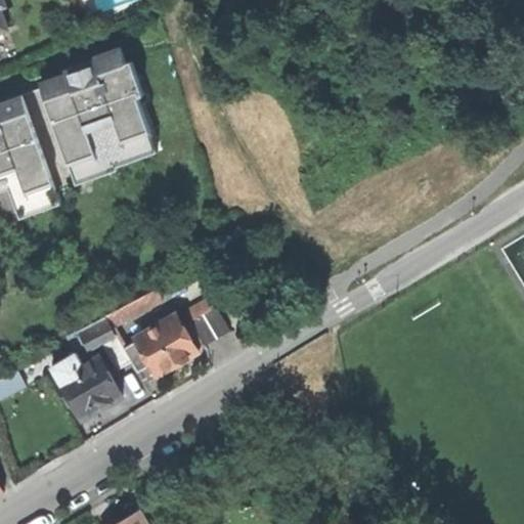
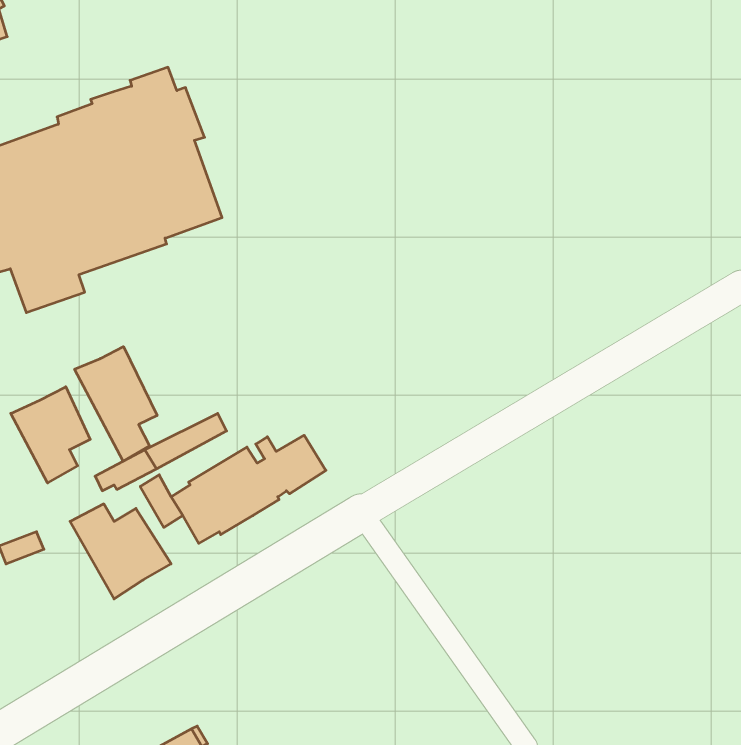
building: none -> [75,347,157,461]
building: none -> [11,387,90,483]

